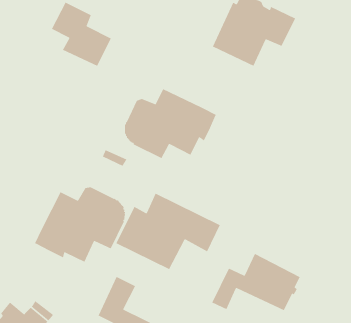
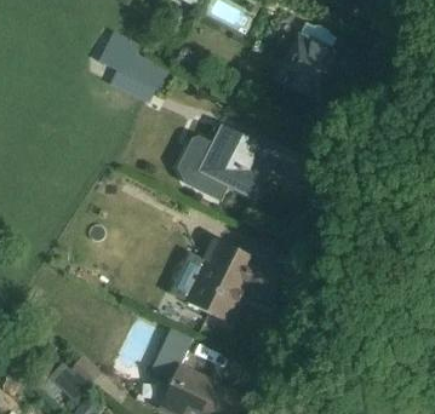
building: [34,186,126,263] -> none
building: [211,253,301,311] -> none

